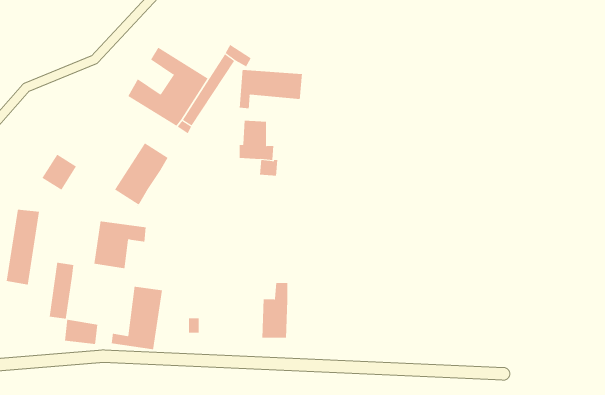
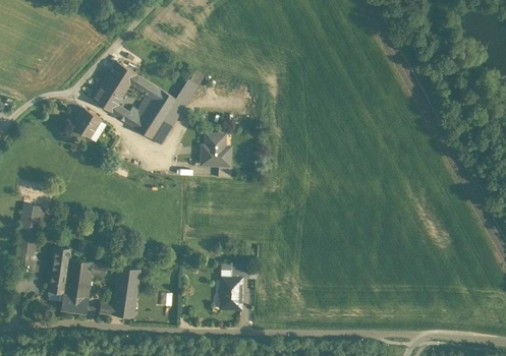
building: [239,69,303,109] -> none
building: [114,143,169,207] -> [92,62,135,114]
building: [41,154,77,190] -> [71,108,100,137]
building: [93,221,147,269] -> [62,258,105,297]

